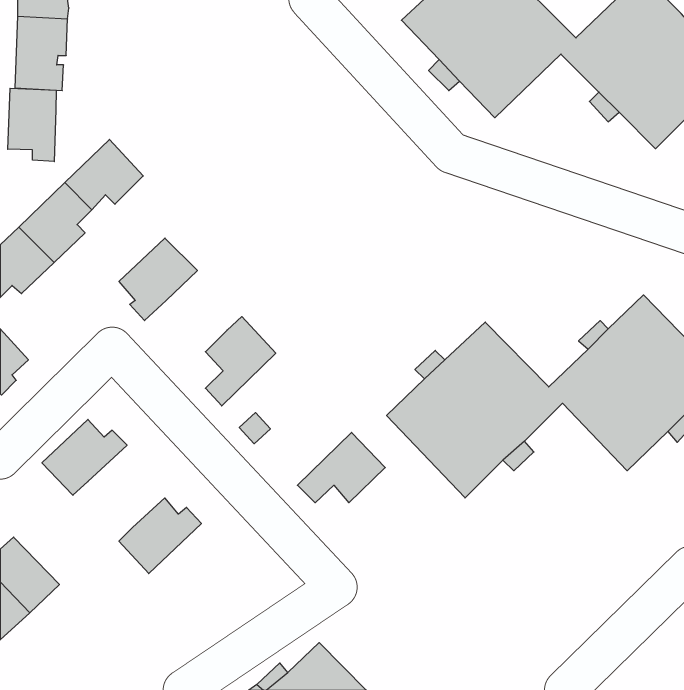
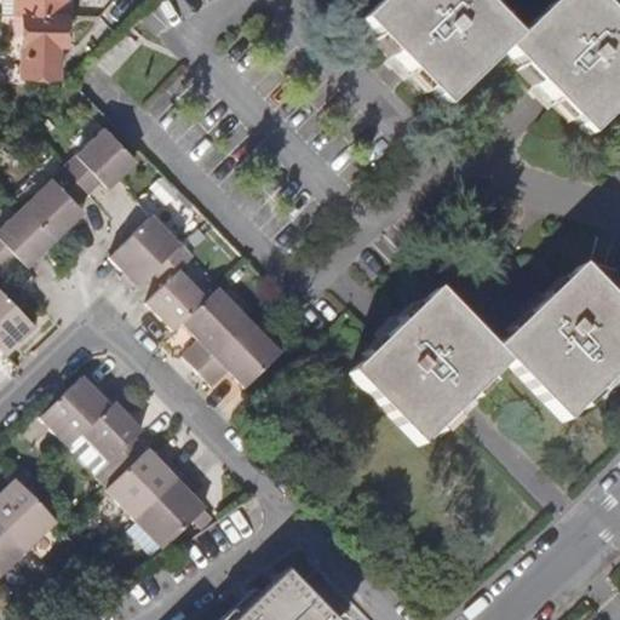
building: [8,88,56,162] -> none
building: none -> [149,242,209,327]
building: [297,432,385,503] -> [205,316,283,379]
building: none -> [85,398,154,472]
building: none -> [132,469,209,551]

